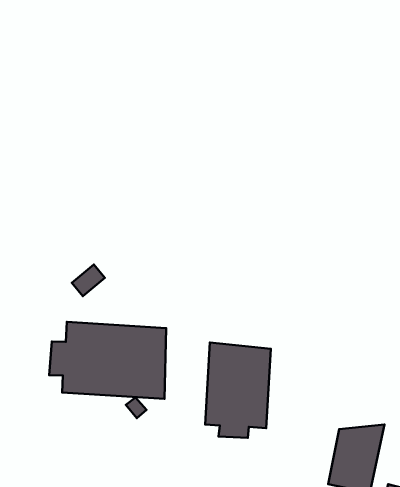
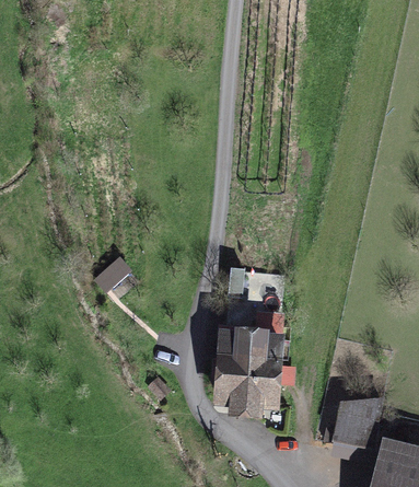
building: [49,322,166,399] -> none

